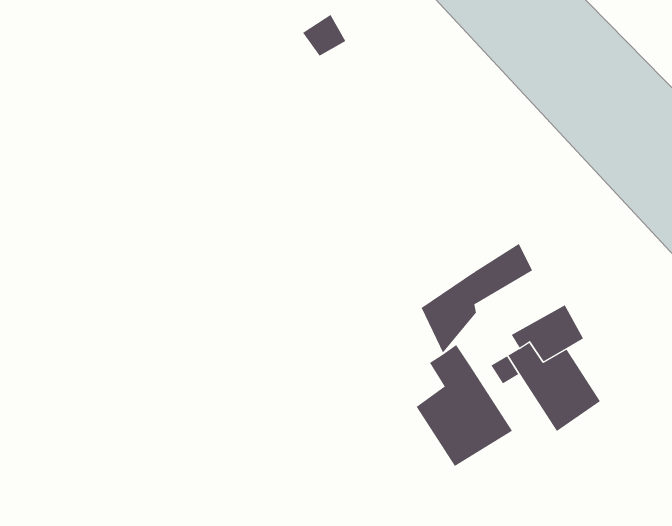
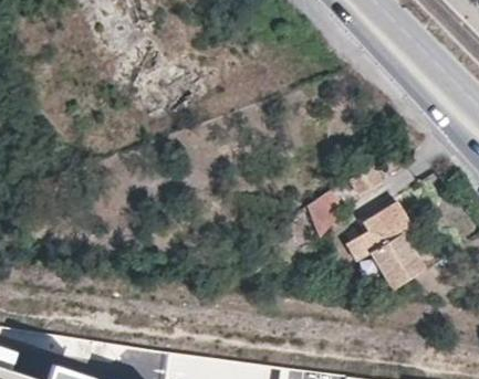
building: [416,344,513,467] -> none

